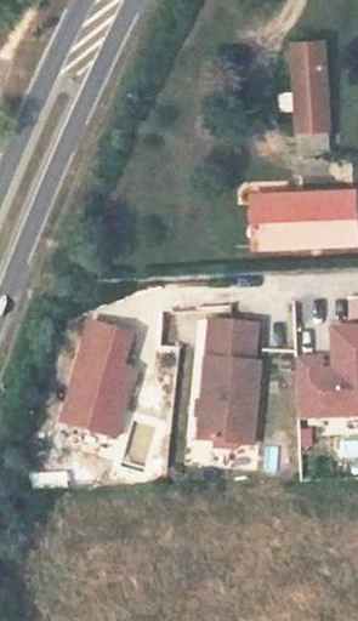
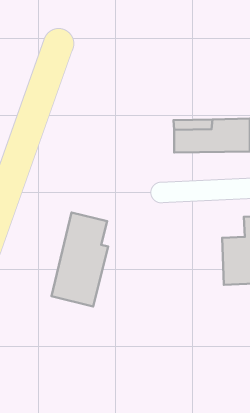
building: [295,35,329,127] -> none
building: [184,317,248,443] -> none

